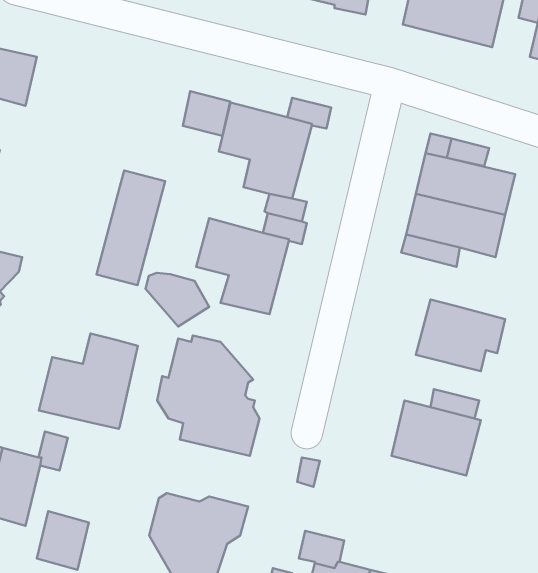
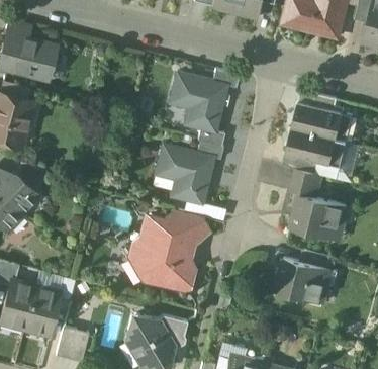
building: [183,91,230,136] -> none
building: [97,171,165,285] -> none
building: none -> [291,170,321,199]
building: [146,273,209,326] -> [170,211,209,245]
building: [39,334,138,429] -> none

